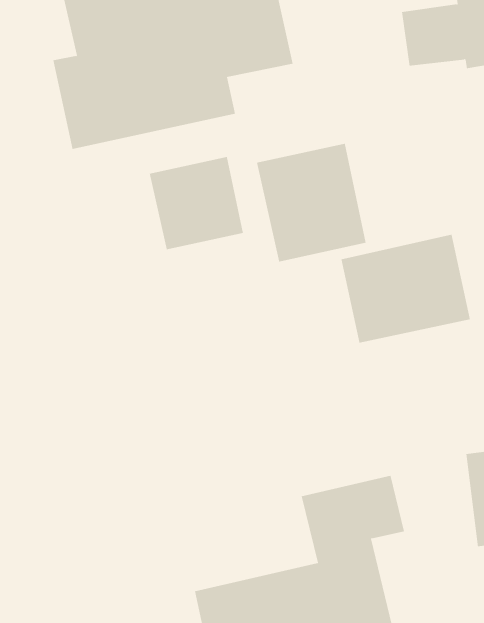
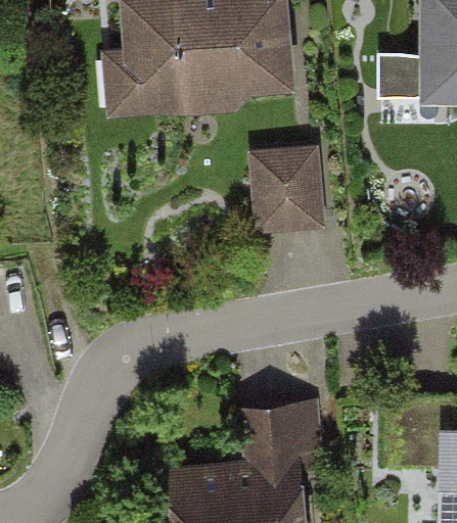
building: [149,156,243,250] -> none
building: [341,234,470,343] -> none

